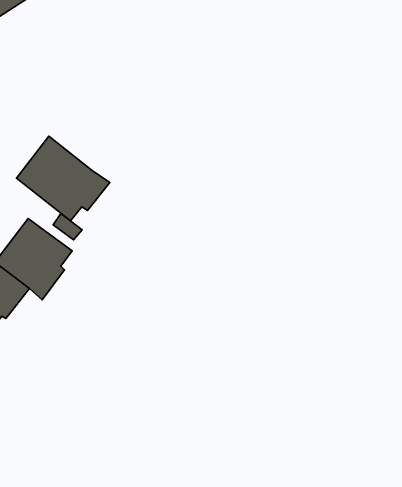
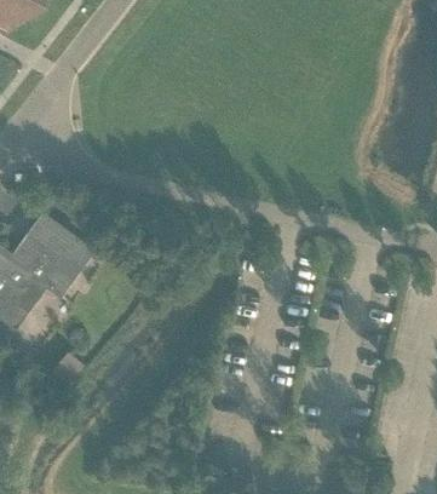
building: [16,136,110,221] -> none

